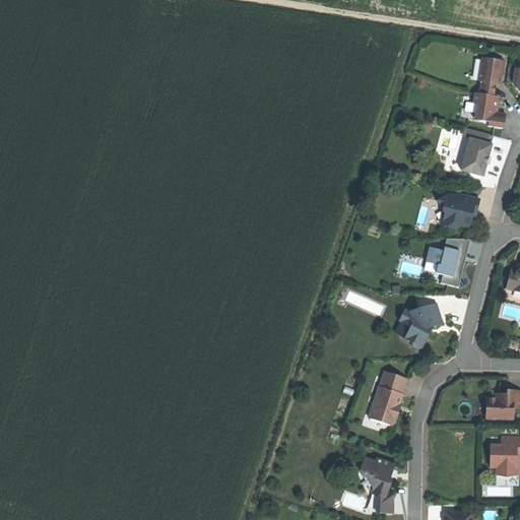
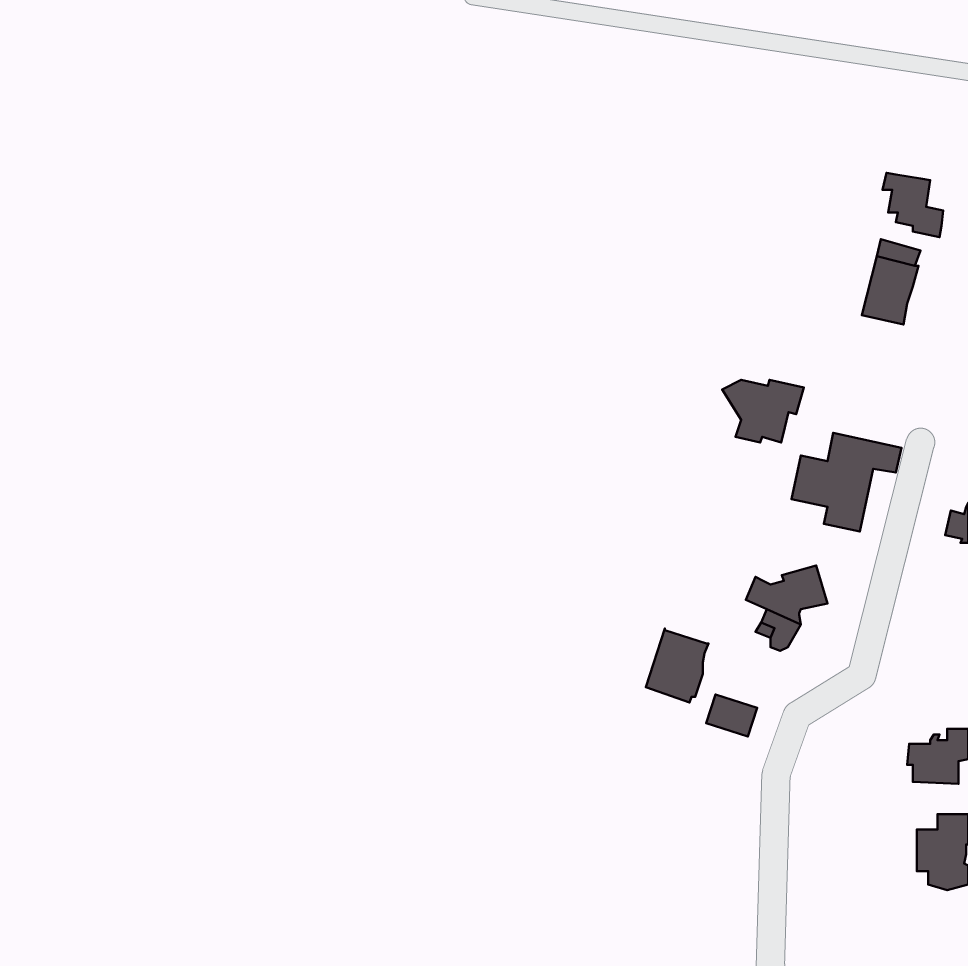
building: [479,57,505,95] -> none
building: [437,194,480,228] -> [722,380,804,443]
building: [368,386,401,426] -> [646,628,708,702]
building: [361,458,395,513] -> none

